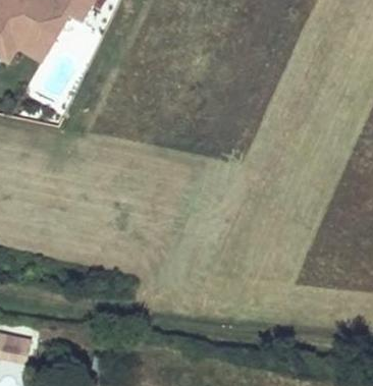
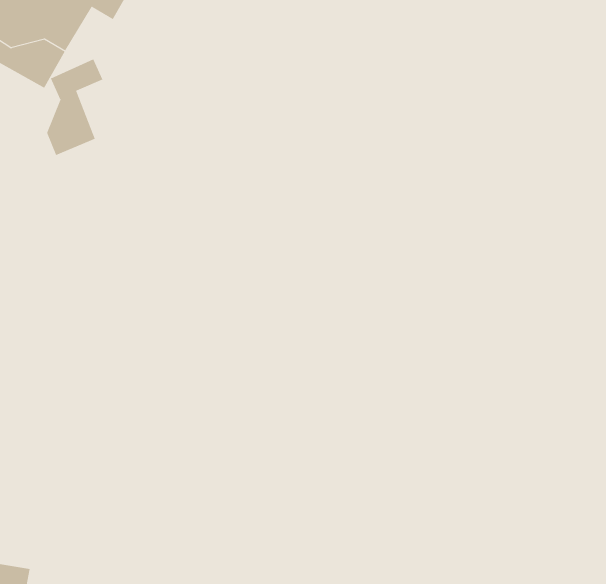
building: none -> [47,59,103,156]

